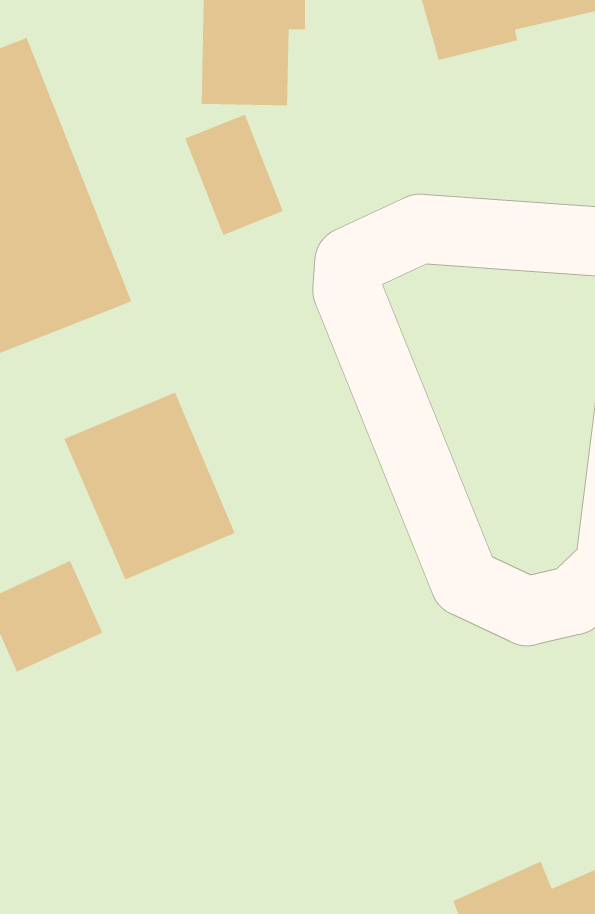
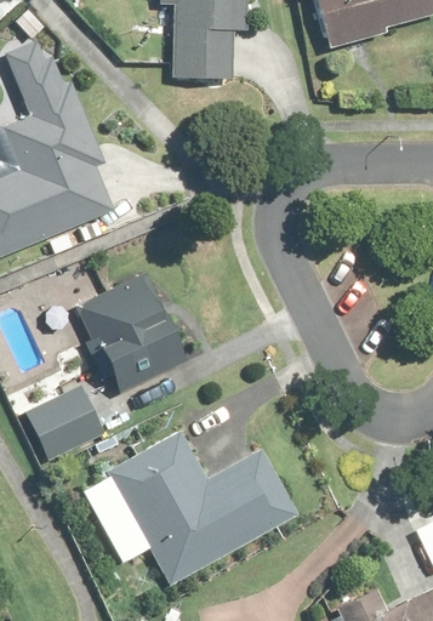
building: [185,114,284,236] -> none
building: none -> [101,422,301,591]

